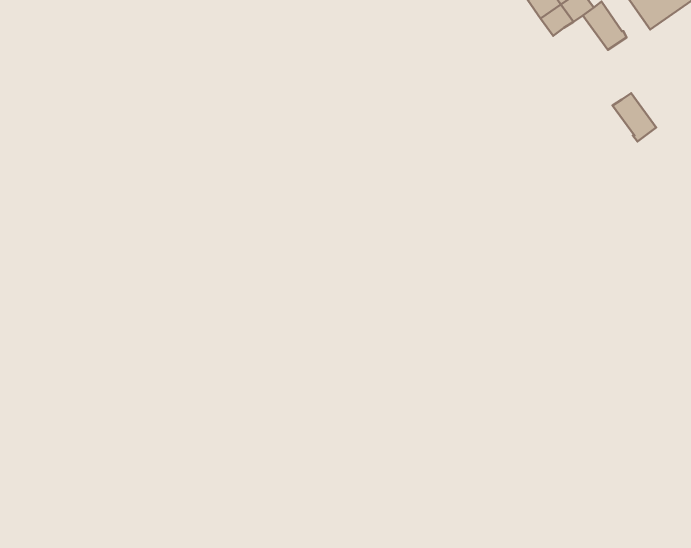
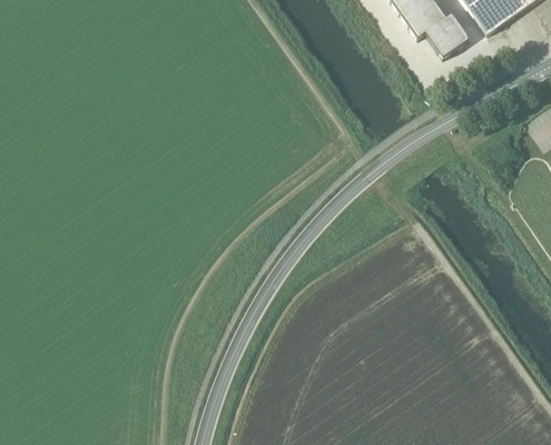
building: [613,93,656,142] -> [425,21,456,56]

